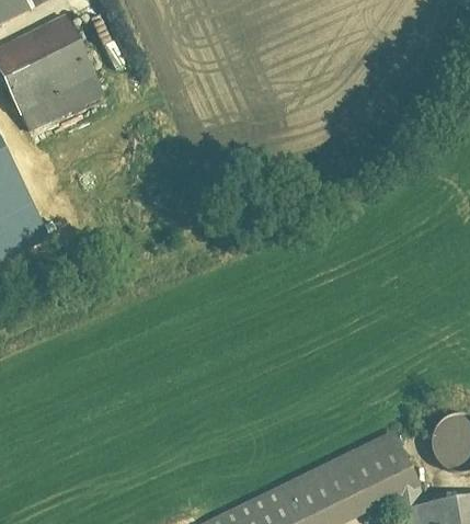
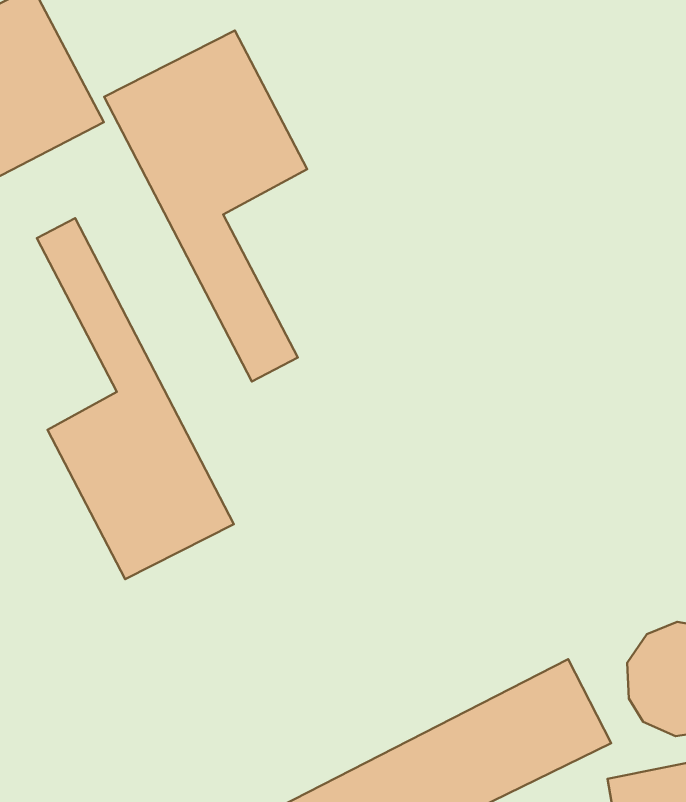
building: none -> [104,30,307,381]
building: none -> [37,218,234,579]

